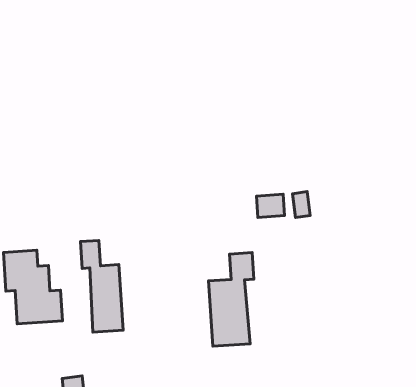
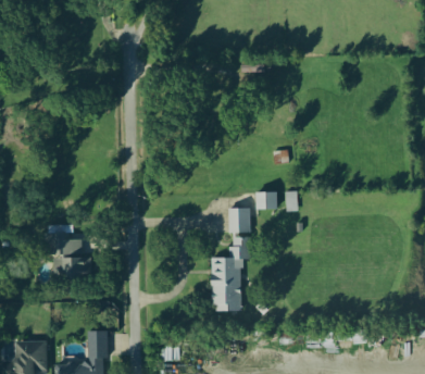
building: none -> [228,209,250,234]
building: [81,240,123,332] -> none

